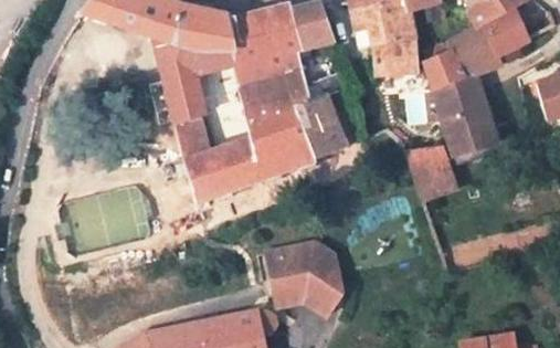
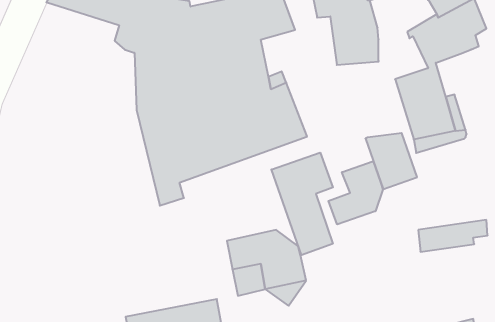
building: [423,46,466,89] -> none
building: none -> [271,153,333,255]
building: none -> [328,161,383,224]

